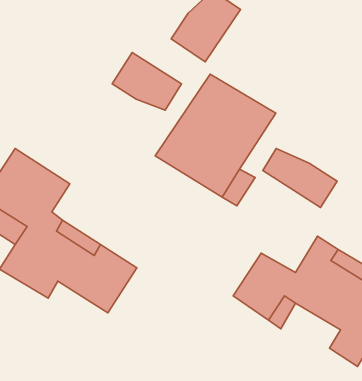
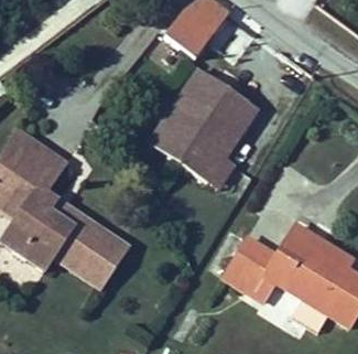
building: [112,52,181,110] -> none
building: [263,149,337,207] -> none

